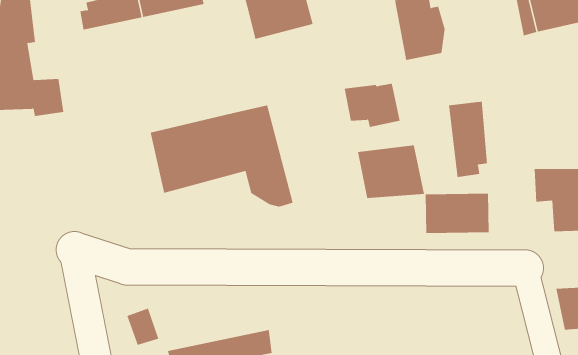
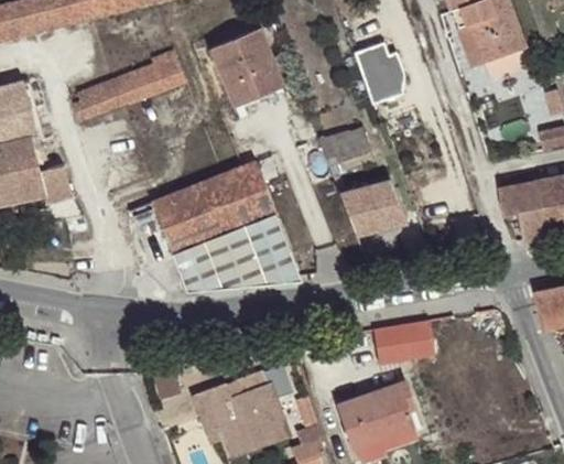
building: [448,101,487,178] -> none
building: none -> [171,226,300,289]
building: [425,193,489,234] -> [372,321,435,365]

